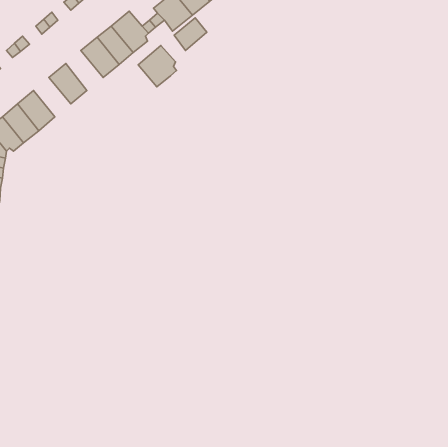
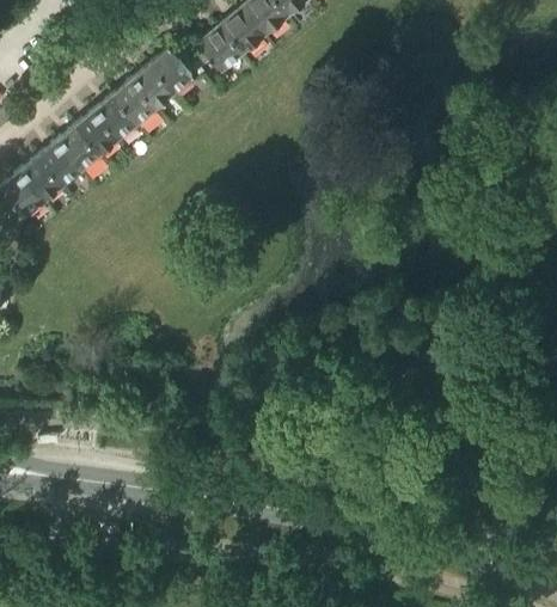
building: [174,18,207,50] -> none
building: [138,45,177,87] -> none
building: none -> [96,91,140,139]
building: none -> [57,123,102,170]

